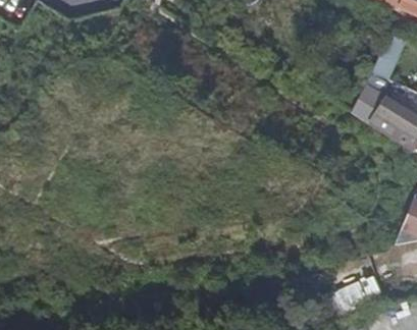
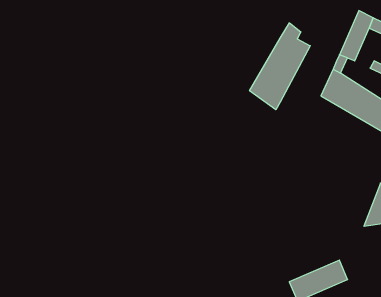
building: none -> [250,23,310,110]

